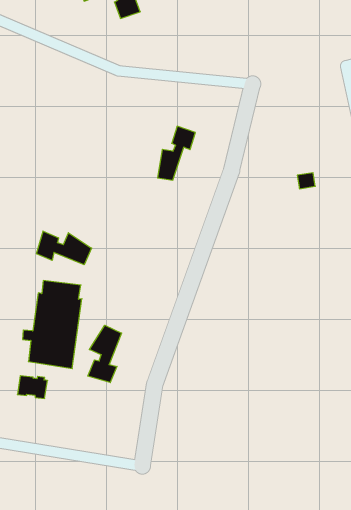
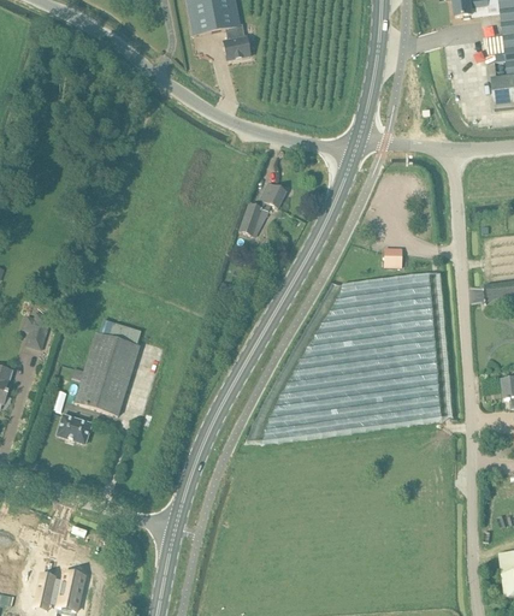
building: [37,231,92,265] -> none
building: [88,325,122,383] -> none

